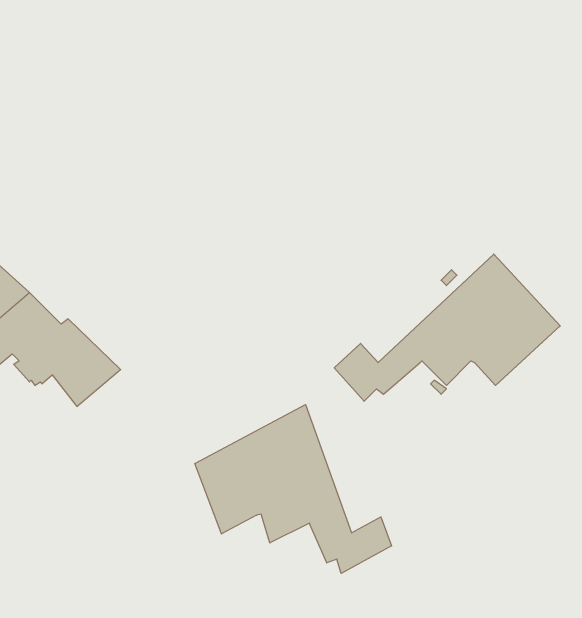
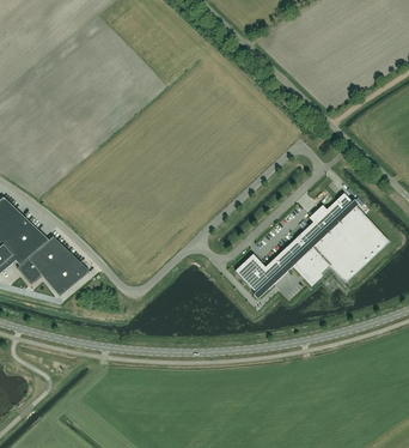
building: [195,405,392,573] -> none

